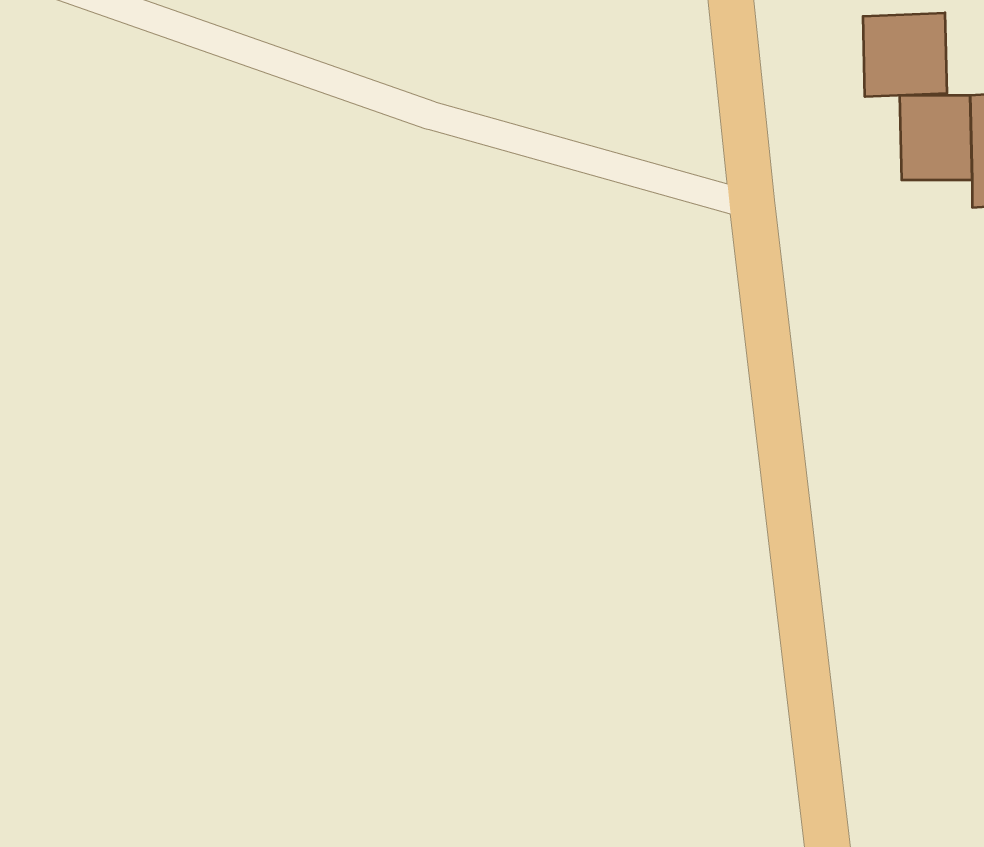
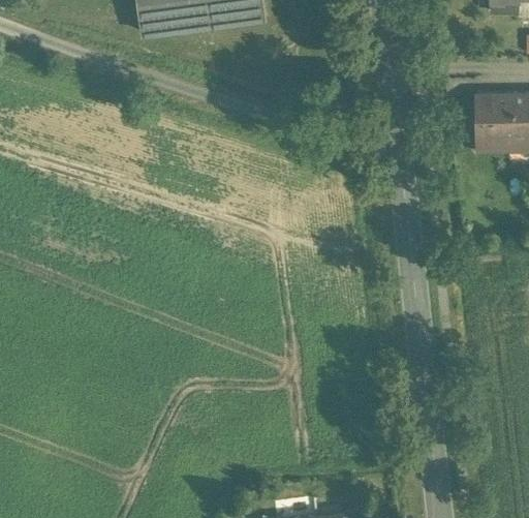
building: [863,13,947,97] -> none

